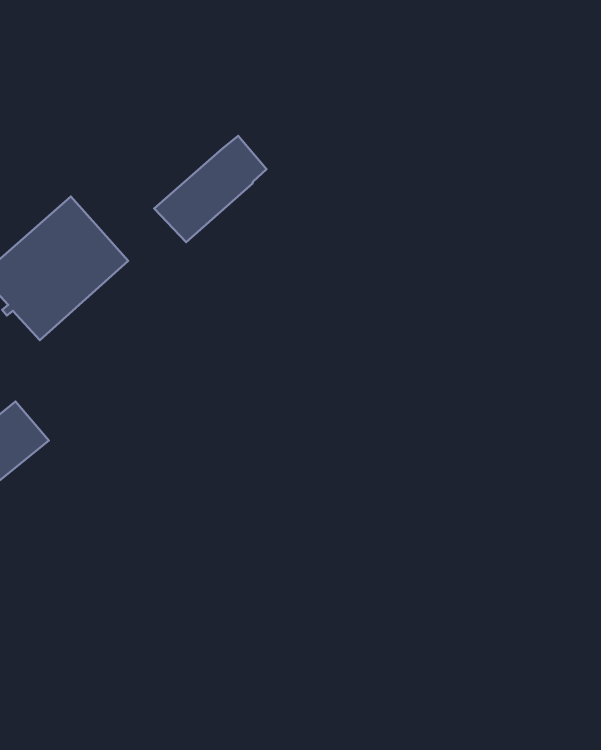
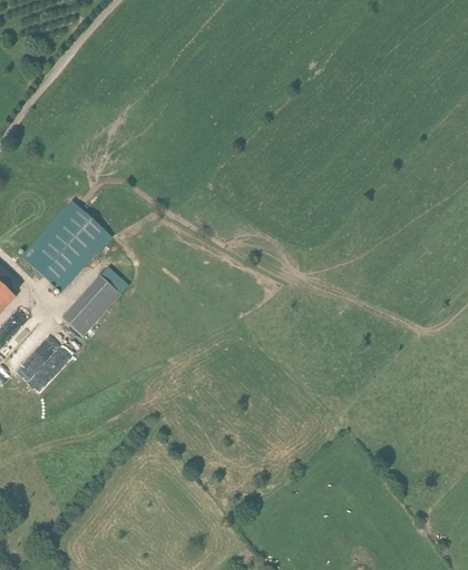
building: [154,136,267,242] -> [60,266,128,336]

